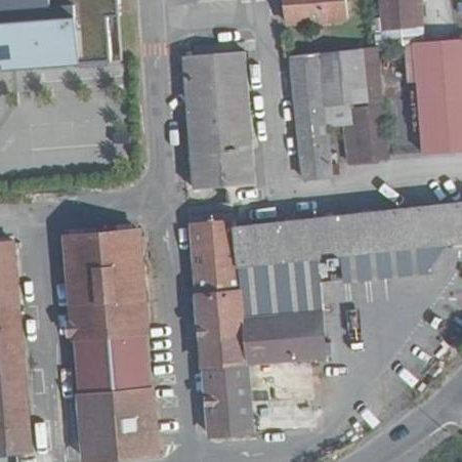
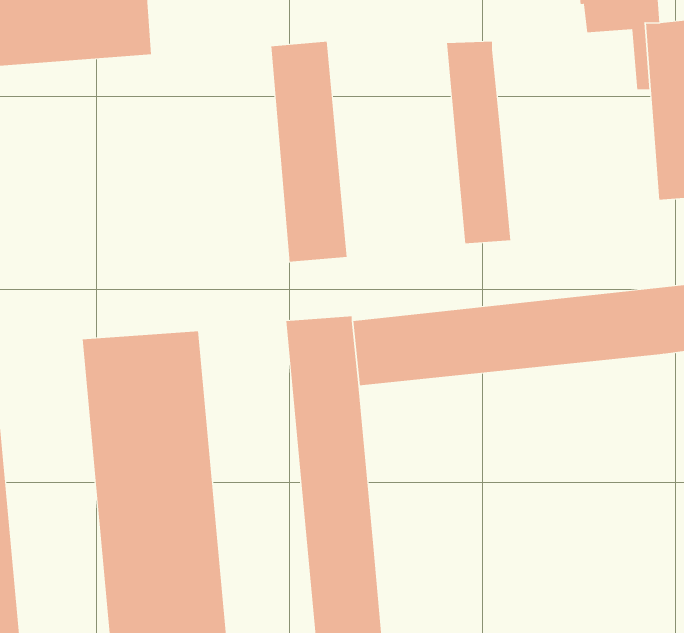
building: [217,52,255,186] -> none
building: [319,53,389,161] -> none
building: [237,246,425,364] -> none

